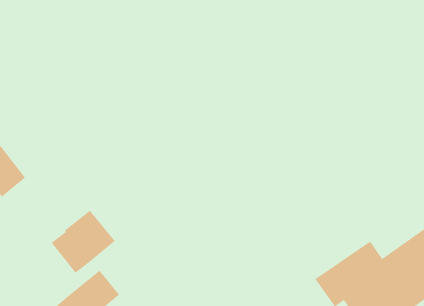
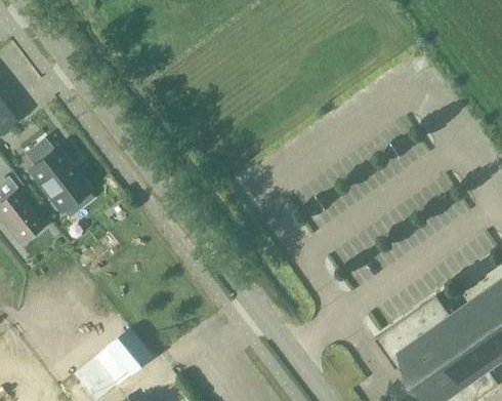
building: none -> [26,137,92,211]
building: [51,210,115,274] -> none

